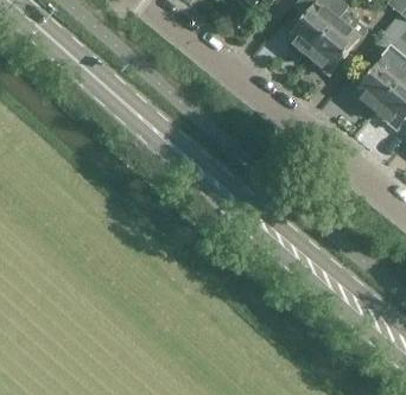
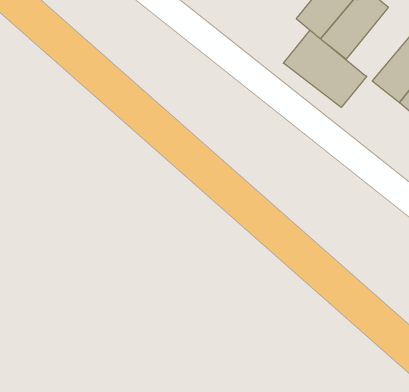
building: none -> [283,30,367,107]

